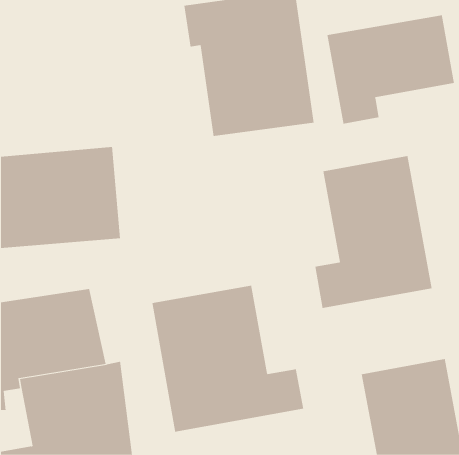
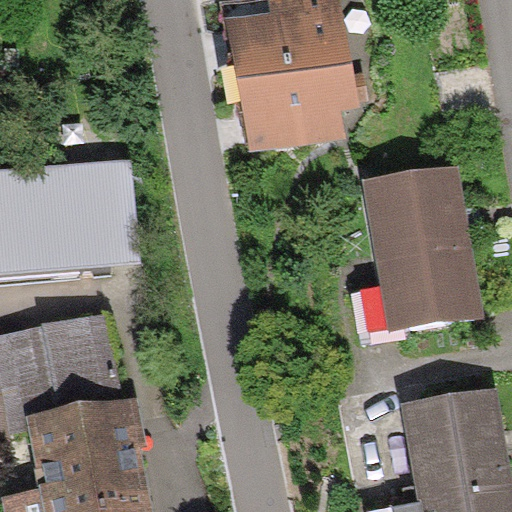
building: [327,14,454,125] -> none
building: [152,285,304,433] -> none

